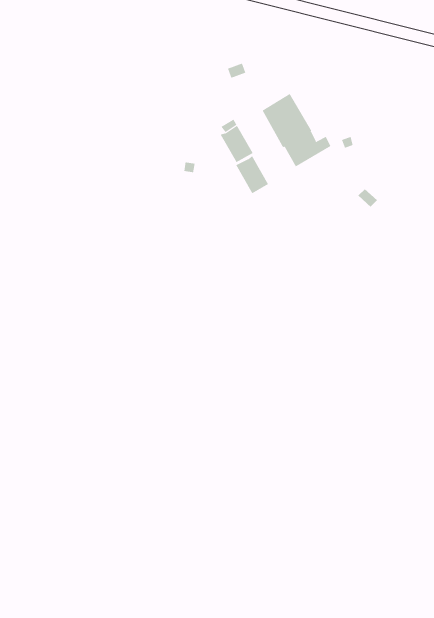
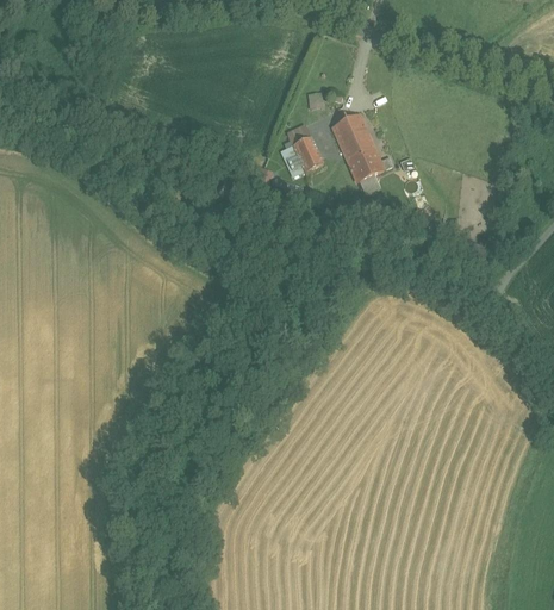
building: [236,155,269,194] -> none

